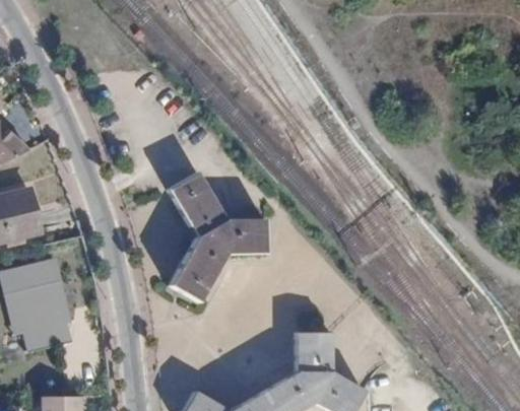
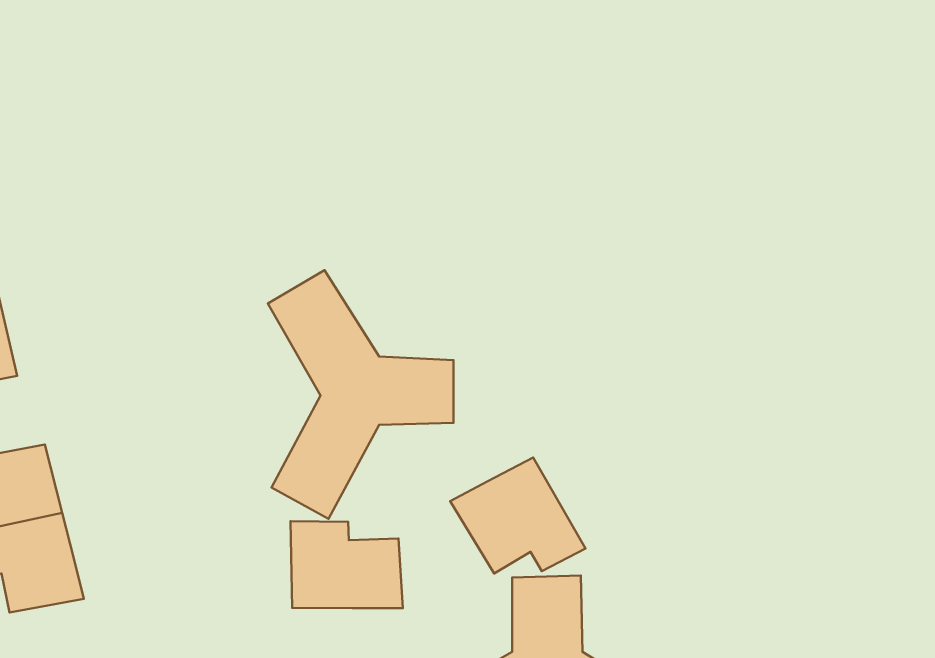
building: none -> [450,457,586,573]
building: none -> [290,521,403,608]

